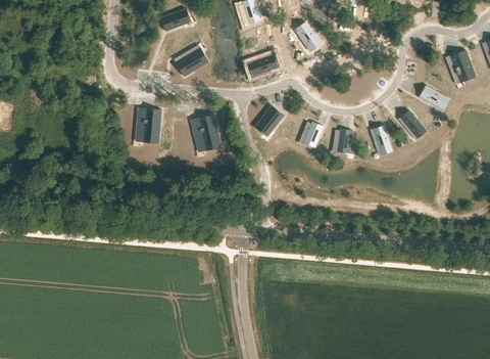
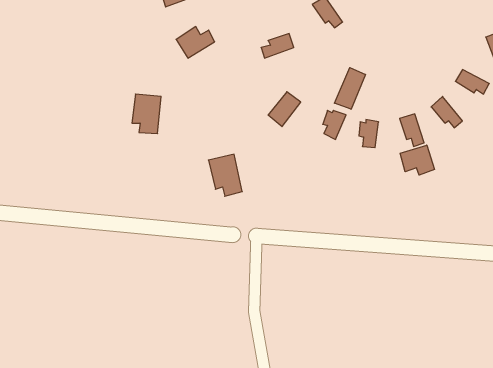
building: none -> [334,68,365,109]
building: [190,114,219,150] -> [208,154,242,196]
building: none -> [400,145,434,175]

